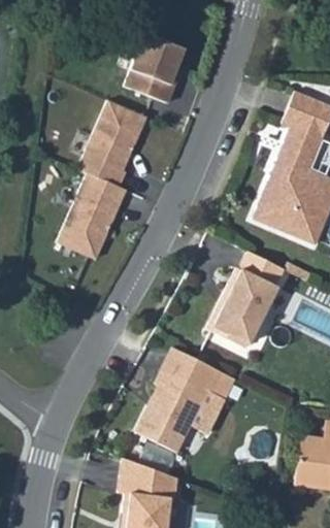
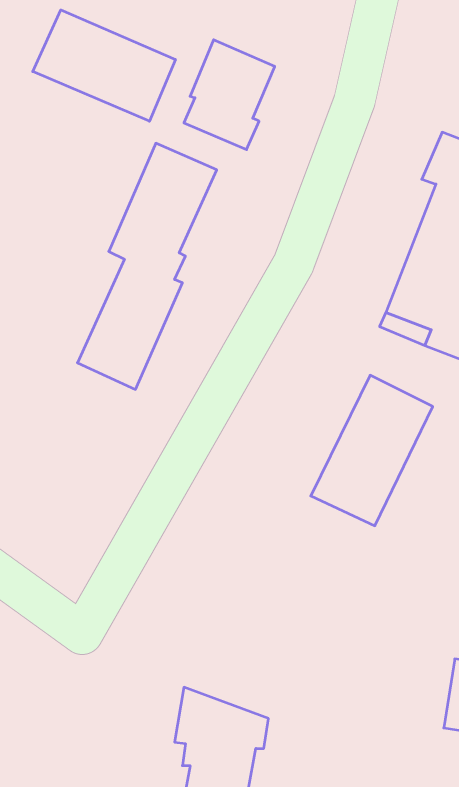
building: none -> [33,10,175,121]
building: [133,348,235,455] -> none

